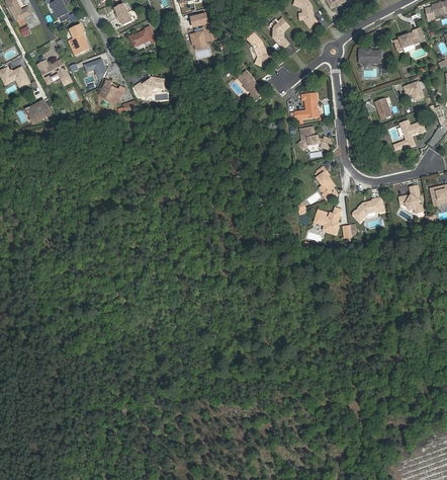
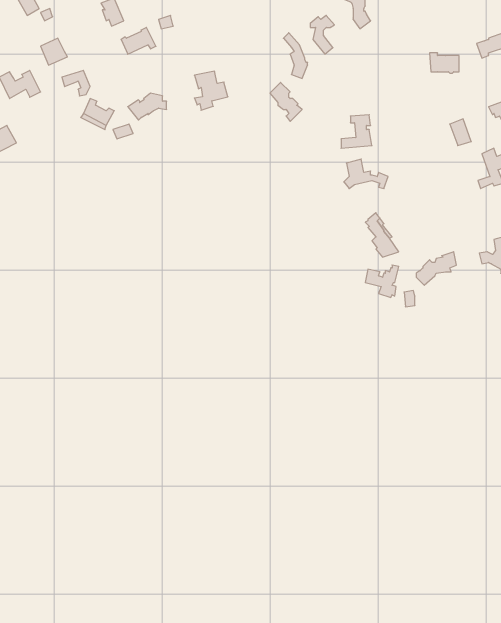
building: [190,13,215,43] -> [194,71,228,110]

